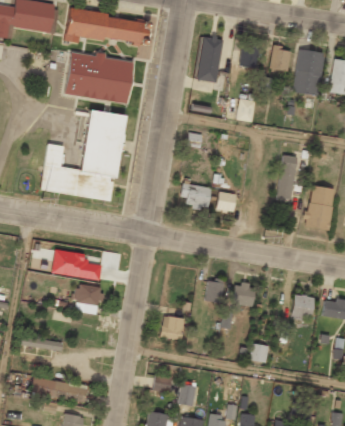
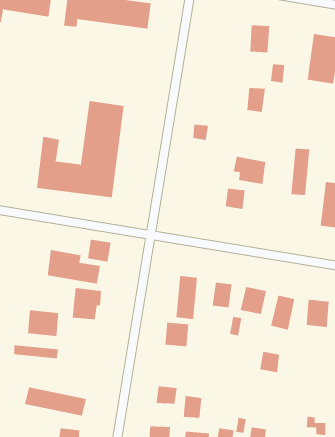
building: [197,36,227,91] -> none
building: [270,47,291,71] -> none
building: [66,53,134,103] -> none
building: [180,183,211,209] -> [233,156,266,184]
building: none -> [87,239,111,263]
building: none -> [176,275,198,320]
building: none -> [271,295,295,330]
building: none -> [27,310,59,337]

